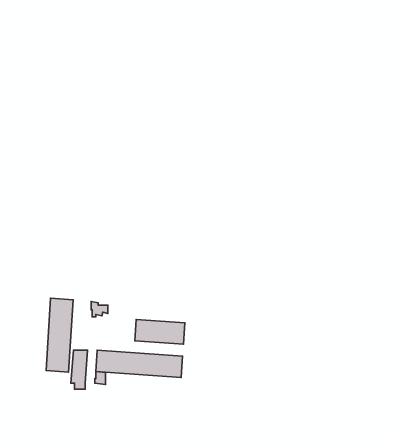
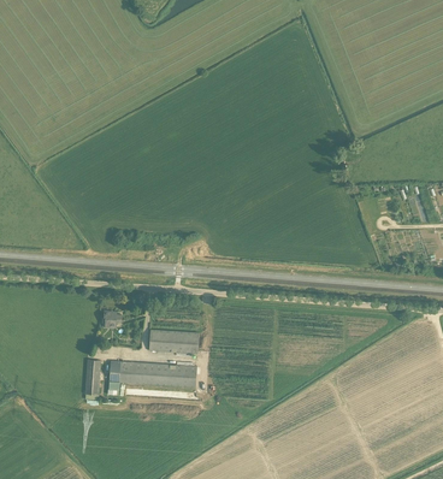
building: [46,298,73,372] -> none

